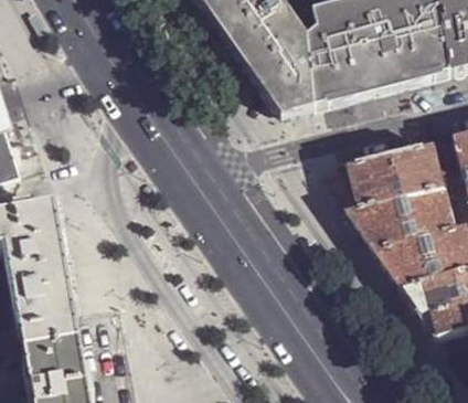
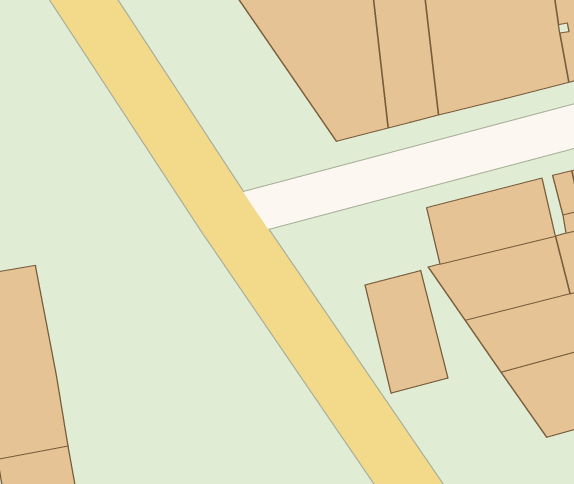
building: none -> [365,270,448,393]

